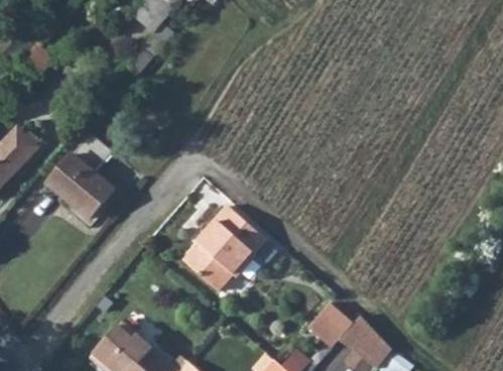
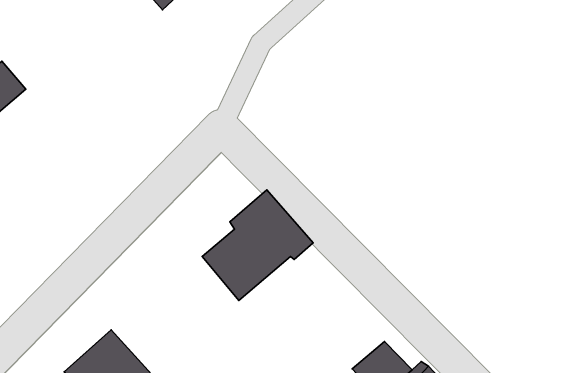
building: [47,154,113,218] -> none

